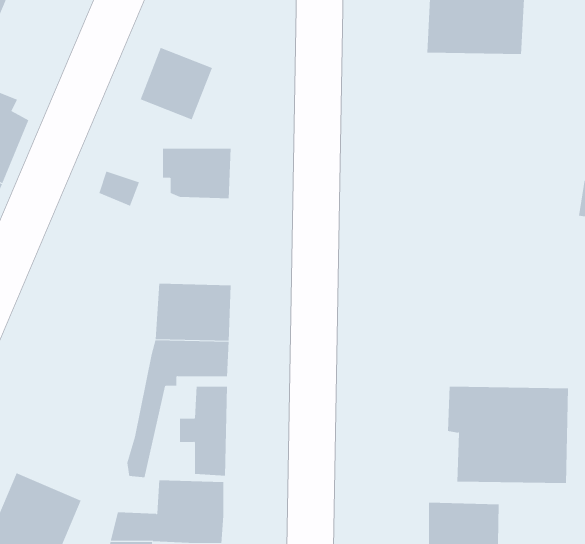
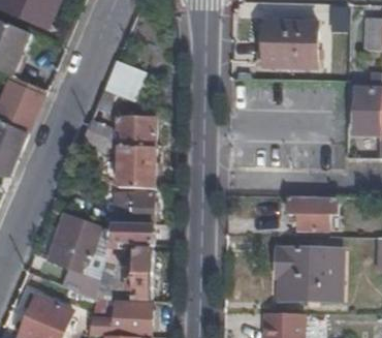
building: none -> [117,145,154,187]
building: none -> [286,195,336,228]
building: none -> [46,212,109,298]

